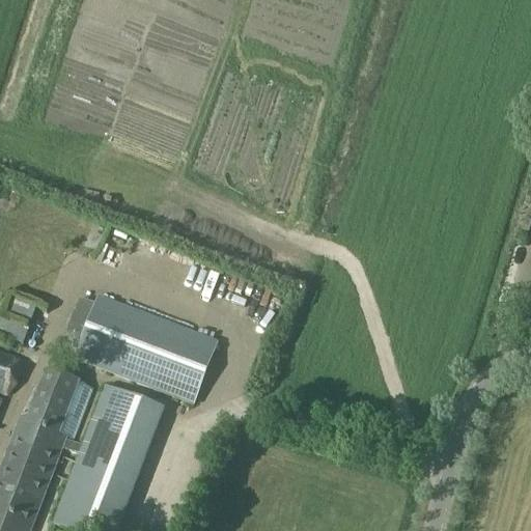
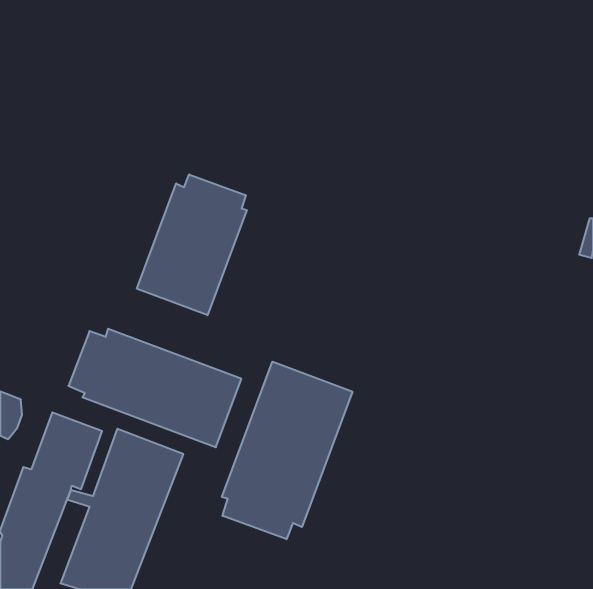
building: none -> [137,174,247,315]
building: none -> [222,362,352,539]

